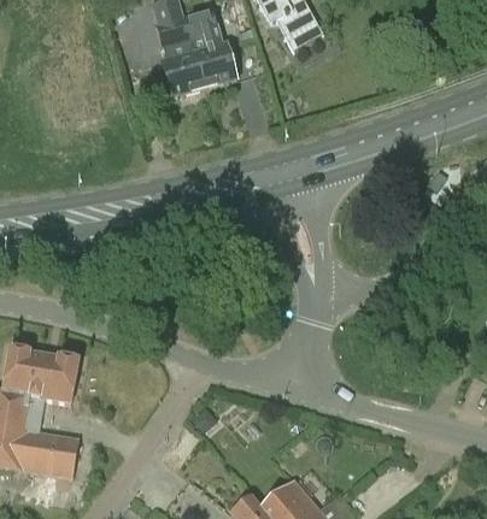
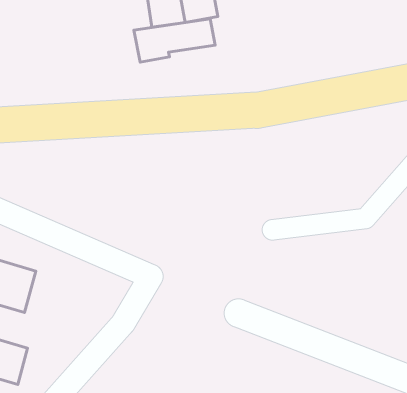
building: none -> [134,19,215,62]

